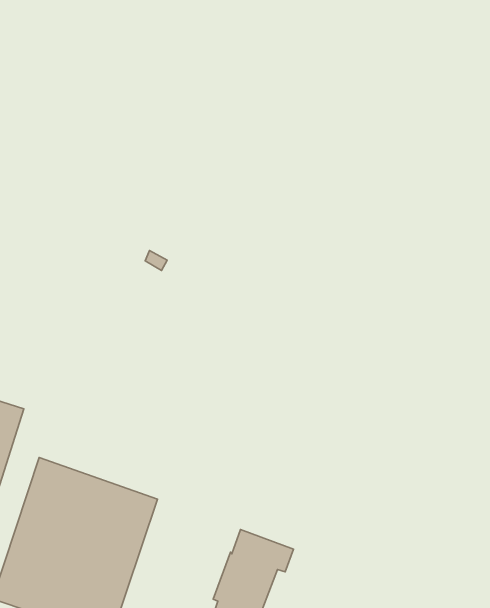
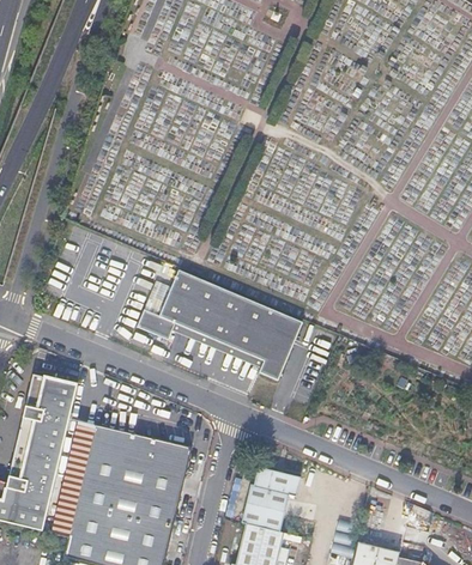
building: none -> [138,269,304,381]

